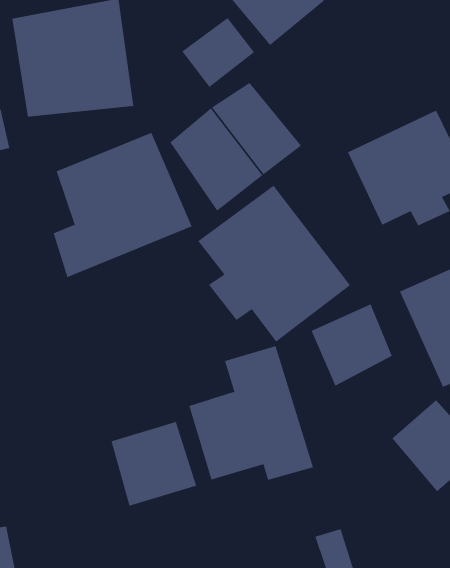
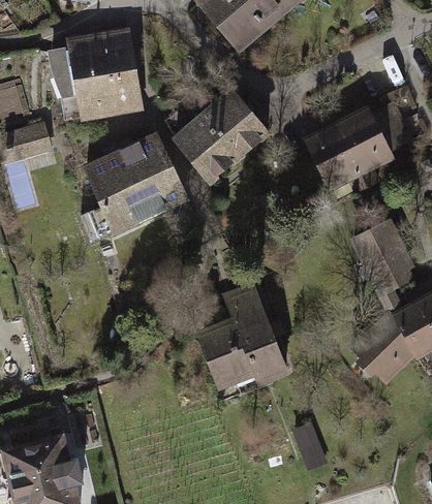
building: [181,17,255,88] -> none
building: [197,185,351,343] -> none
building: [311,303,392,386] -> none
building: [111,421,197,507] -> none

